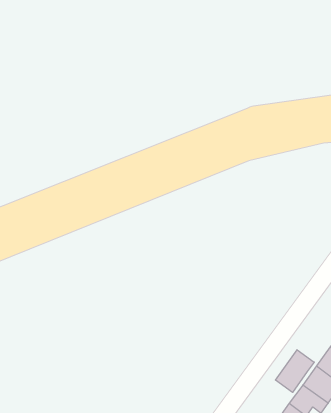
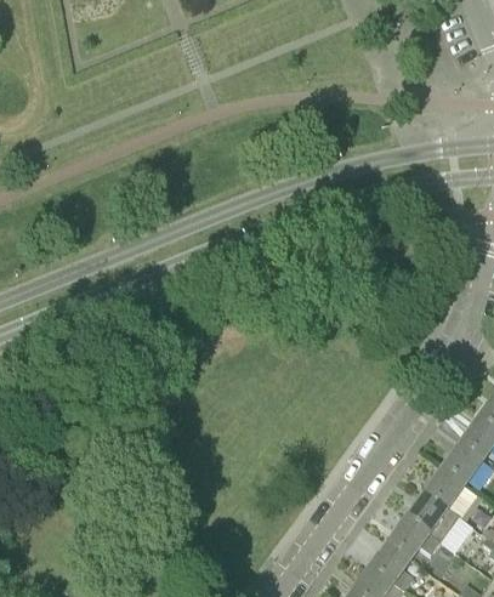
building: [275,350,314,392] -> none

